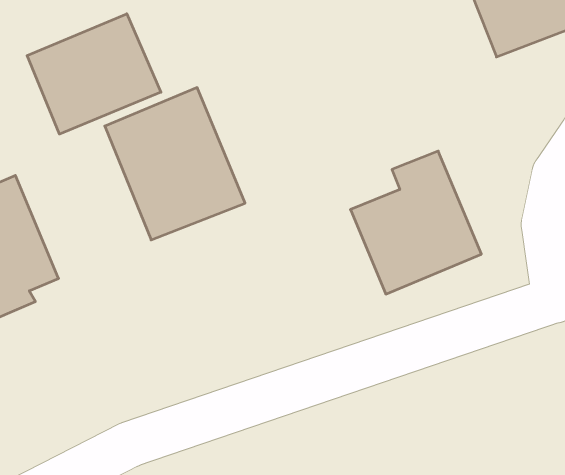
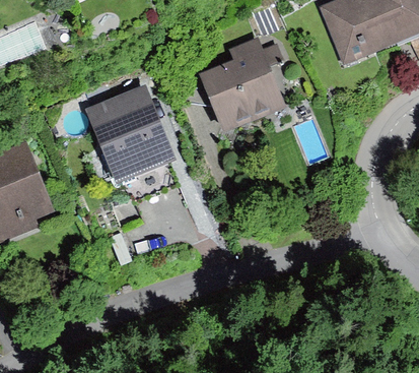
building: [27,14,161,134] -> none
building: [350,151,481,294] -> [200,36,286,130]

